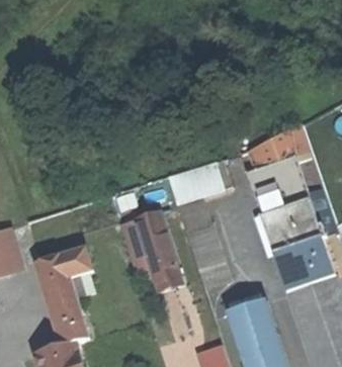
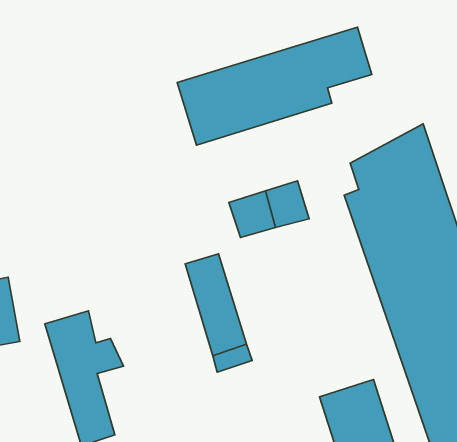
building: none -> [177,27,372,145]

